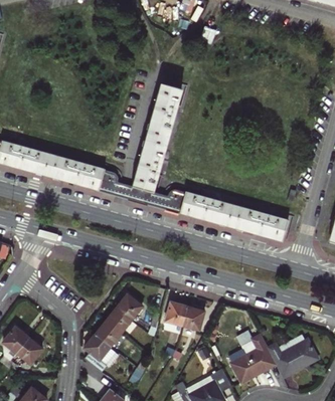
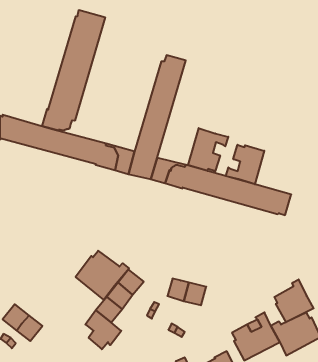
building: none -> [42,10,105,131]
building: none -> [188,128,228,171]
building: none -> [226,145,264,184]
building: none -> [76,251,129,300]
building: none -> [274,279,314,322]

